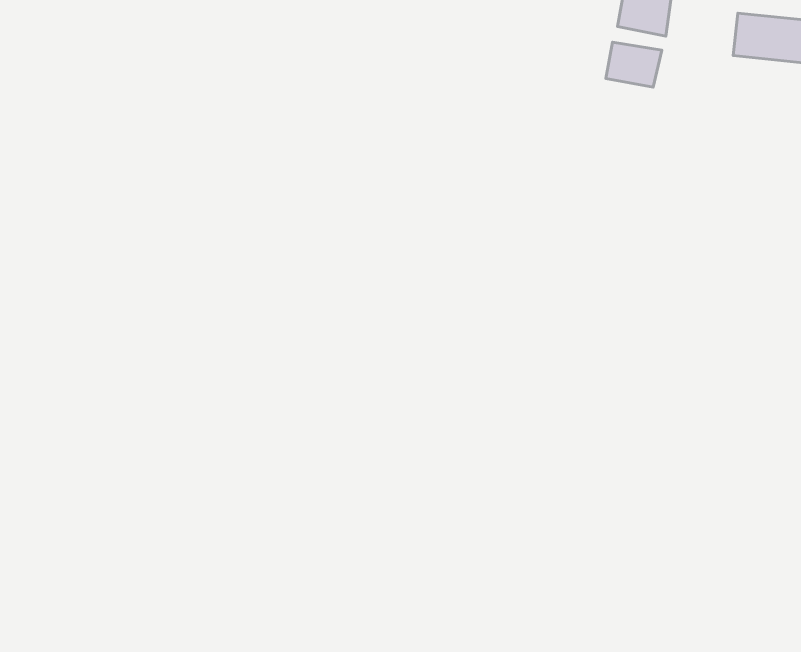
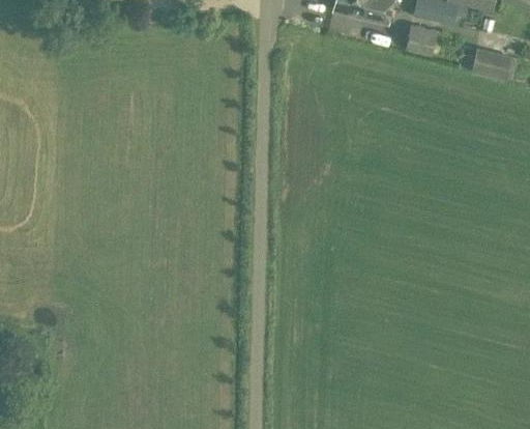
building: [606,42,662,87] -> none

